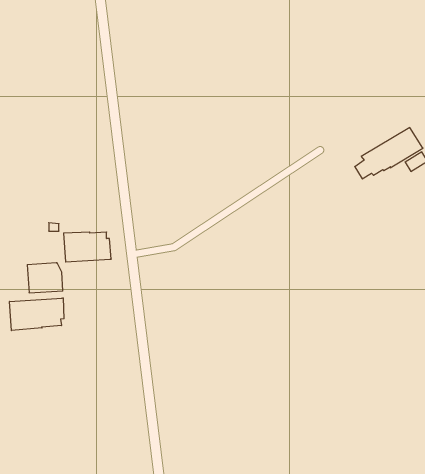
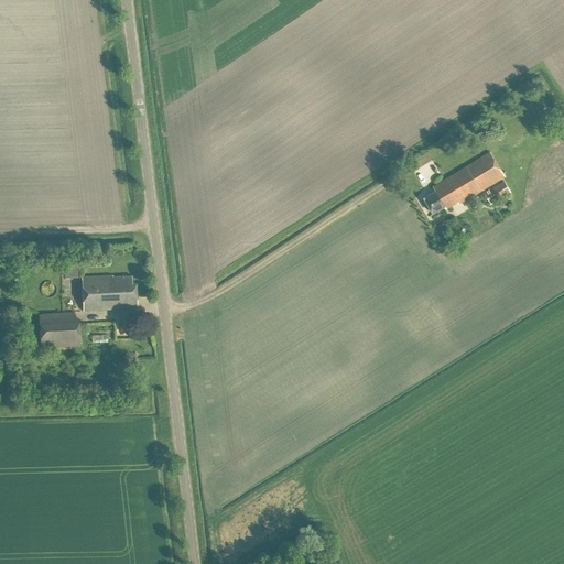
building: [10,298,64,331] -> none

